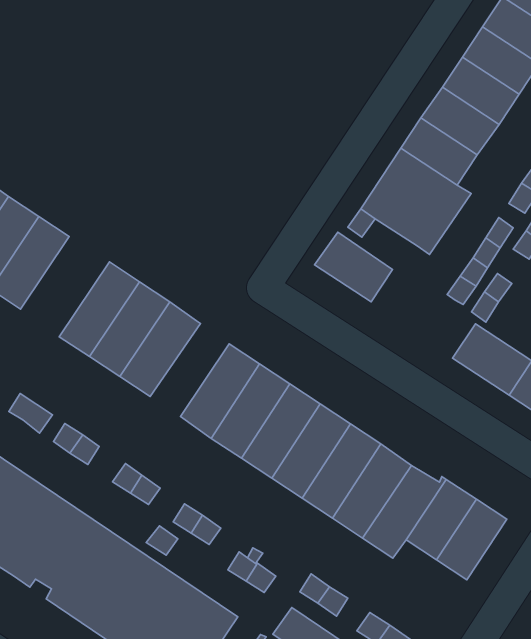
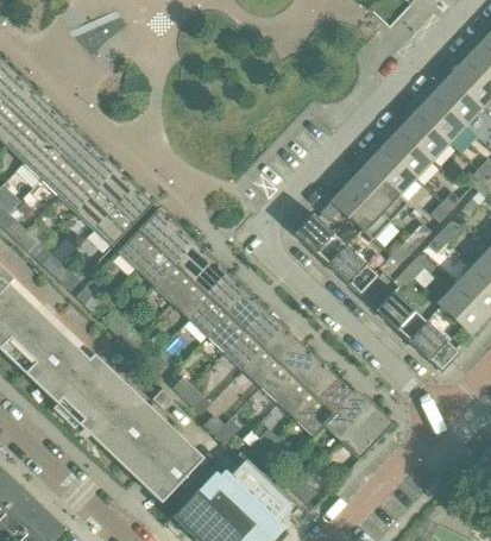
building: none -> [94,187,152,247]
building: none -> [327,245,378,296]
building: none -> [170,259,228,319]

